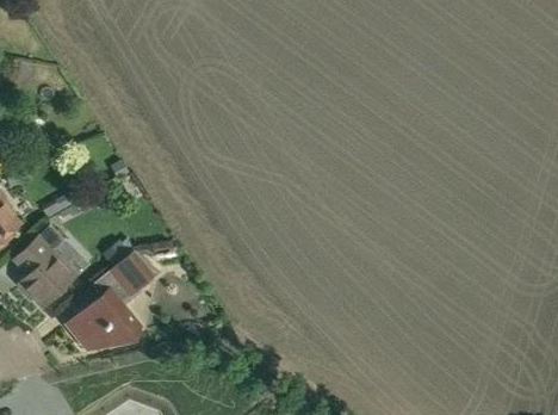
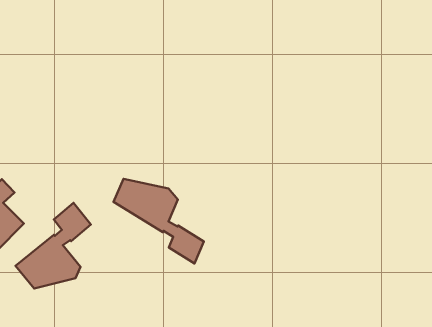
building: none -> [113,179,204,263]

